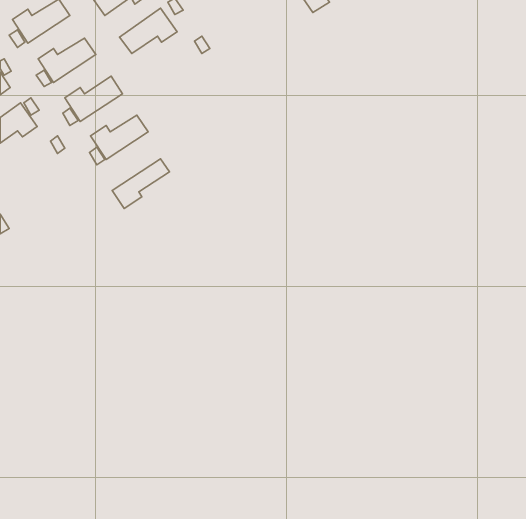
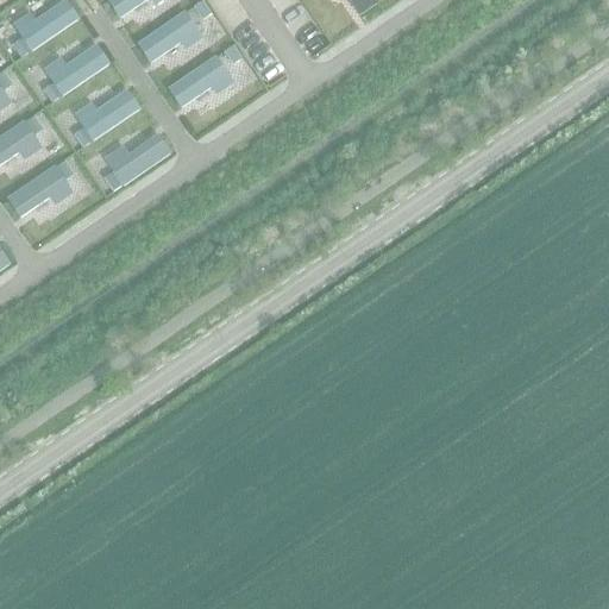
building: none -> [169,54,236,106]
building: none -> [7,164,74,216]
building: [112,159,169,208] -> none

